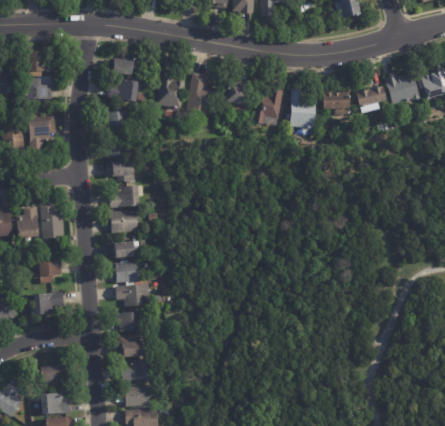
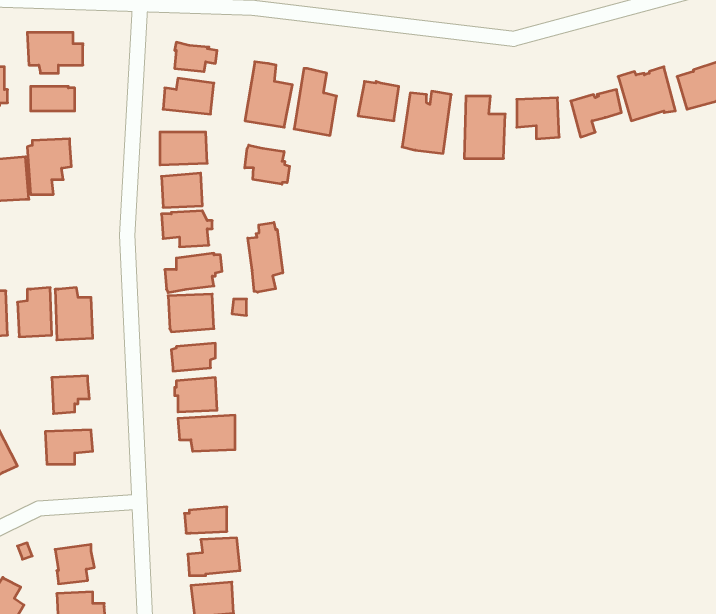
building: none -> [245,145,290,184]
building: none -> [248,222,283,292]
building: [117,311,141,331] -> none

